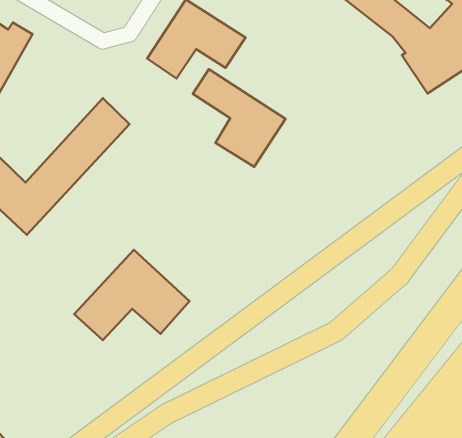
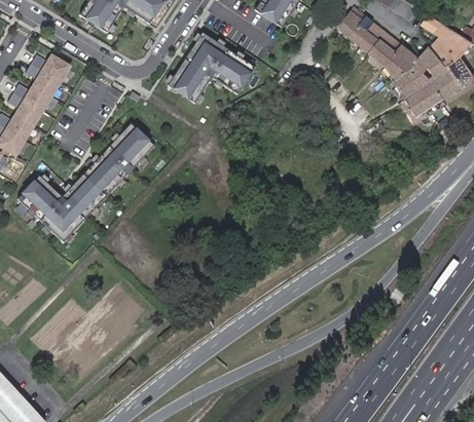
building: [193,69,285,167] -> none
building: [74,250,189,340] -> none

